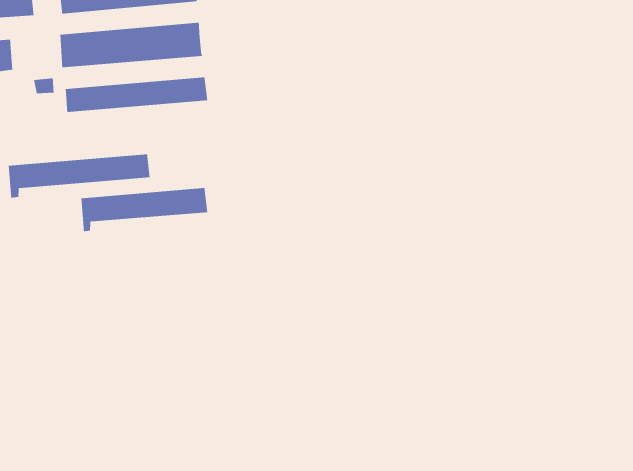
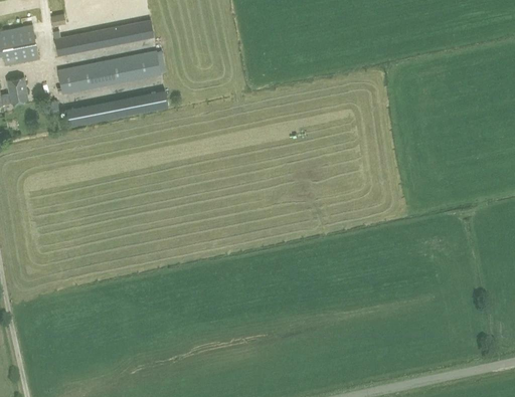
building: [8,153,151,198] -> none
building: [80,187,208,232] -> none

